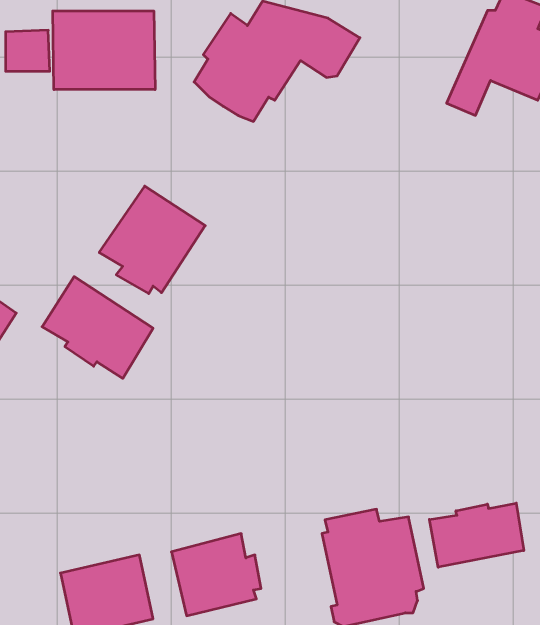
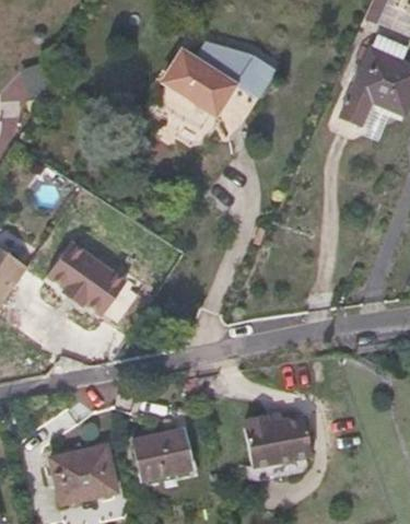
building: [53,11,155,90] -> none
building: [99,186,205,294] -> none
building: [429,503,524,567] -> none

